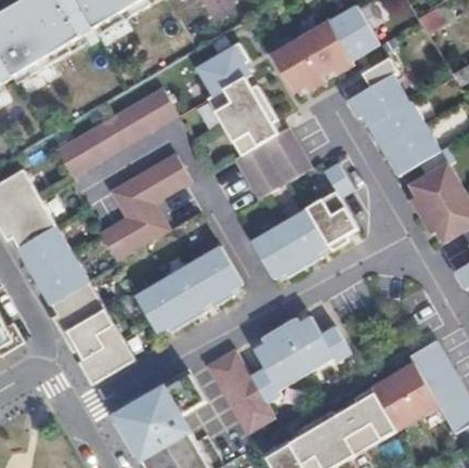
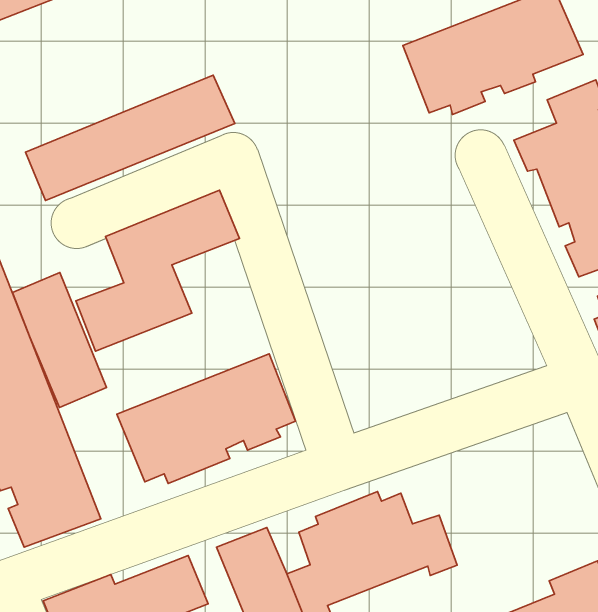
building: [197,38,313,195] -> none
building: [251,161,357,278] -> none
building: none -> [13,272,107,407]

